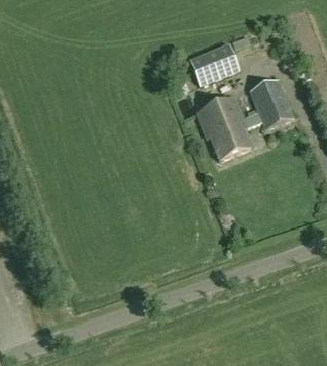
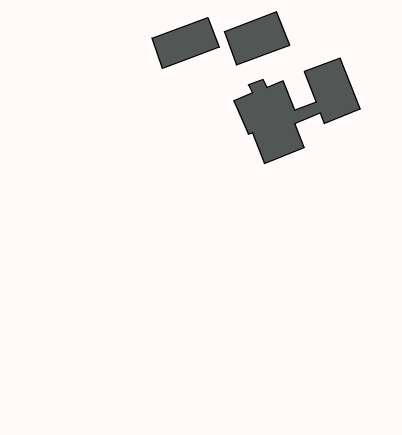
building: none -> [152,18,219,68]

